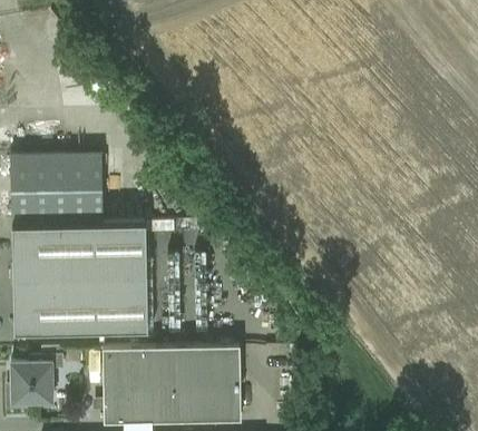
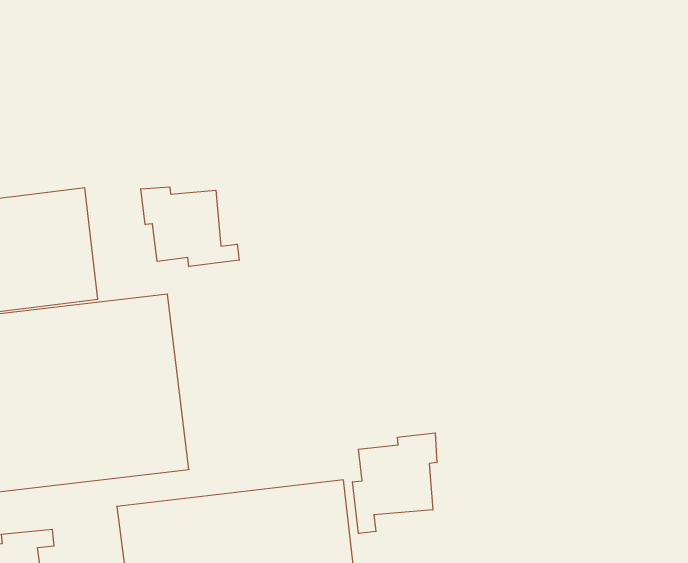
building: none -> [141,187,239,267]
building: none -> [353,433,437,534]

